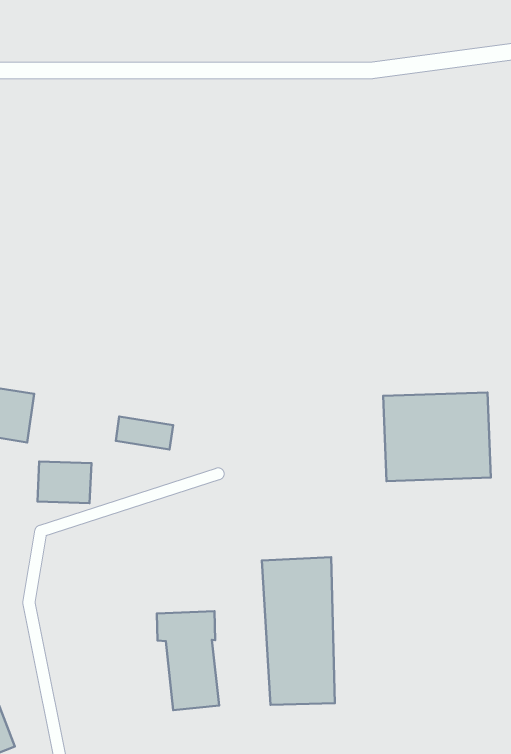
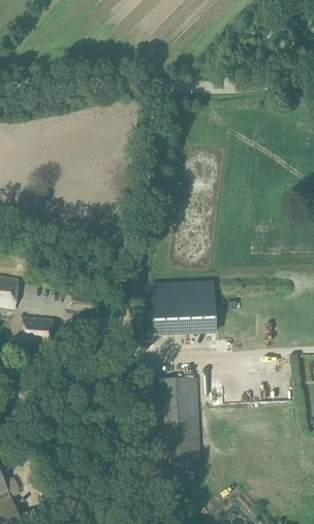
building: [383,392,491,481] -> [153,281,217,333]
building: [157,611,219,710] -> none

